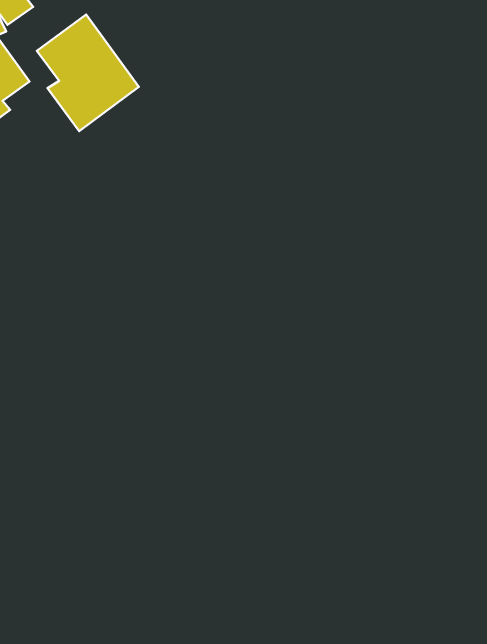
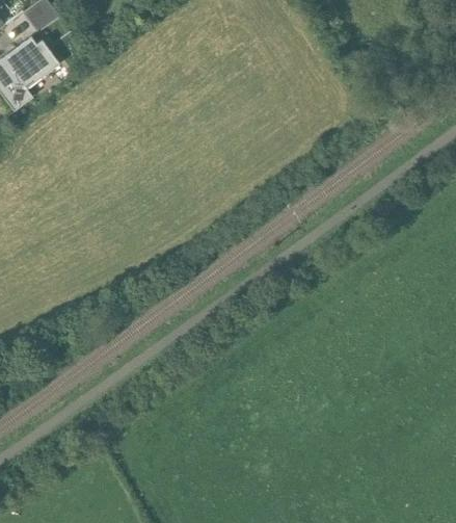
building: [37,14,139,131] -> none

